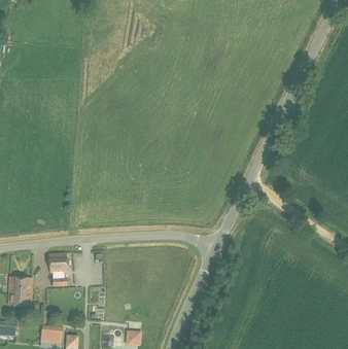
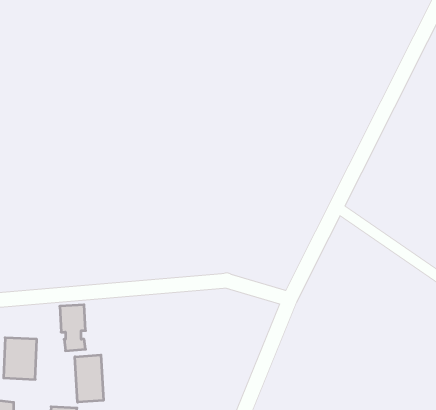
building: none -> [75,355,103,402]

